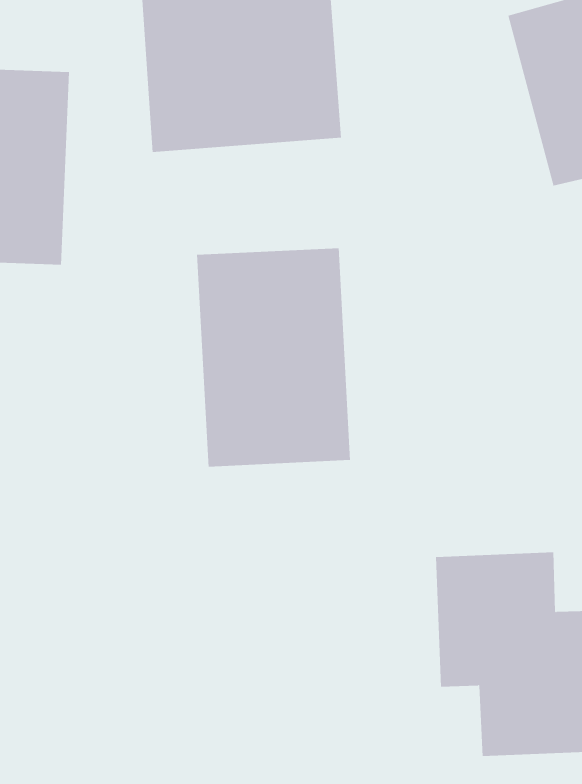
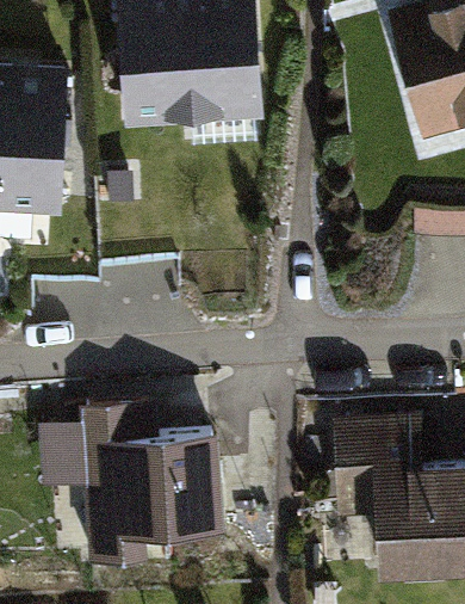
building: [197,247,351,467] -> none
building: none -> [82,412,222,572]

